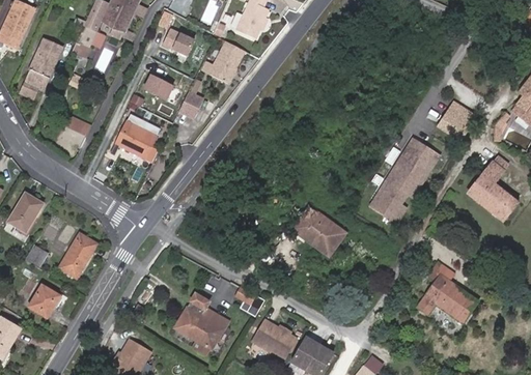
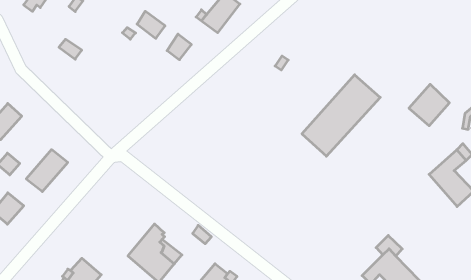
building: [111,121,160,161] -> none
building: [368,137,442,225] -> [302,75,380,156]
building: [291,205,346,255] -> none

